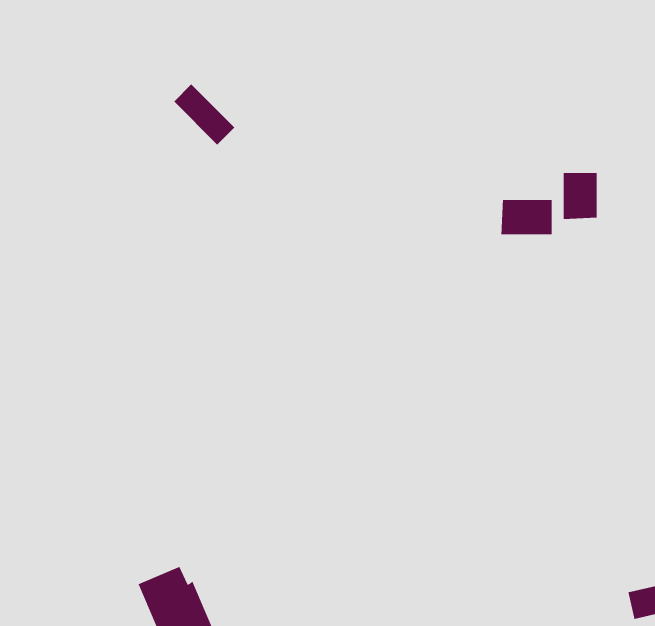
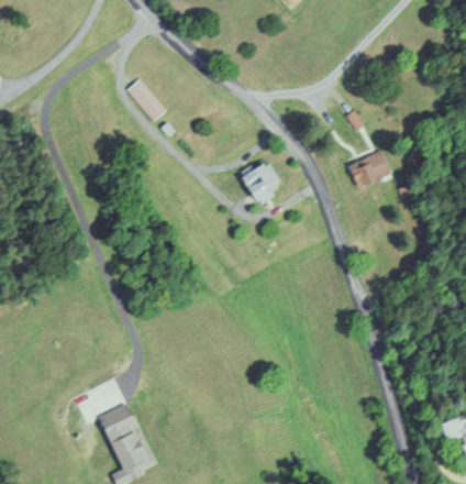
building: [563,172,598,220] -> none
building: none -> [234,160,279,205]

